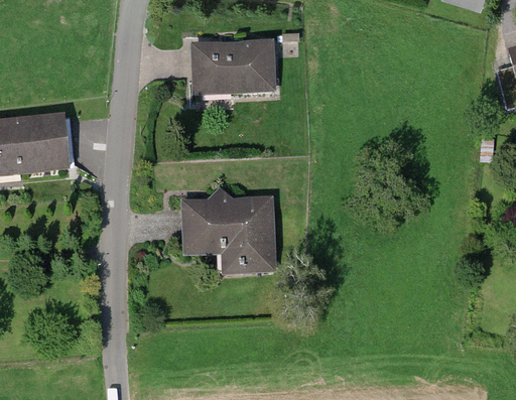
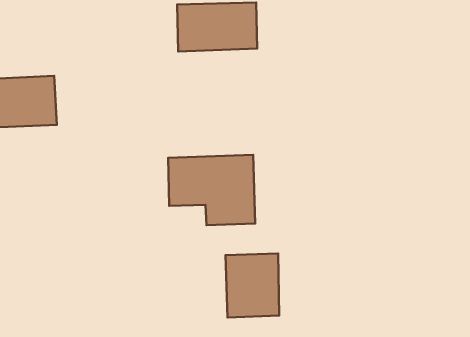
building: none -> [225,253,279,318]

